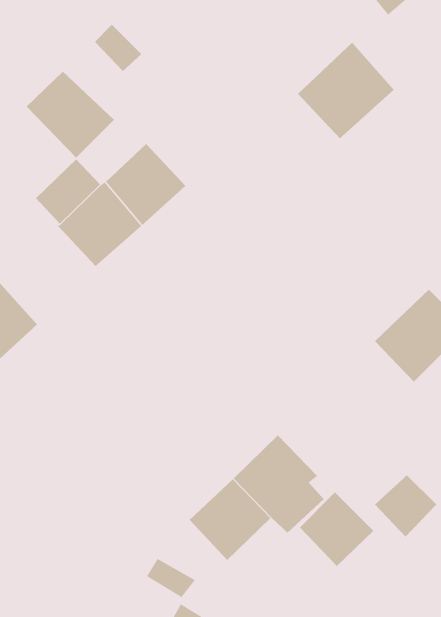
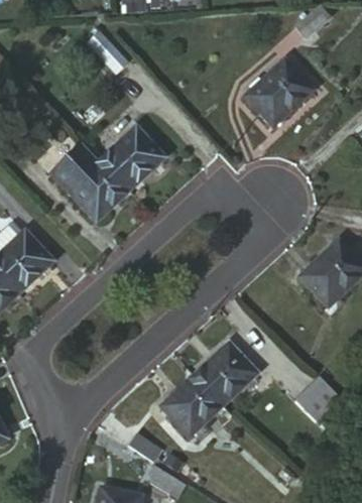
building: [26,71,115,158] -> none
building: [299,492,374,567] -> none

